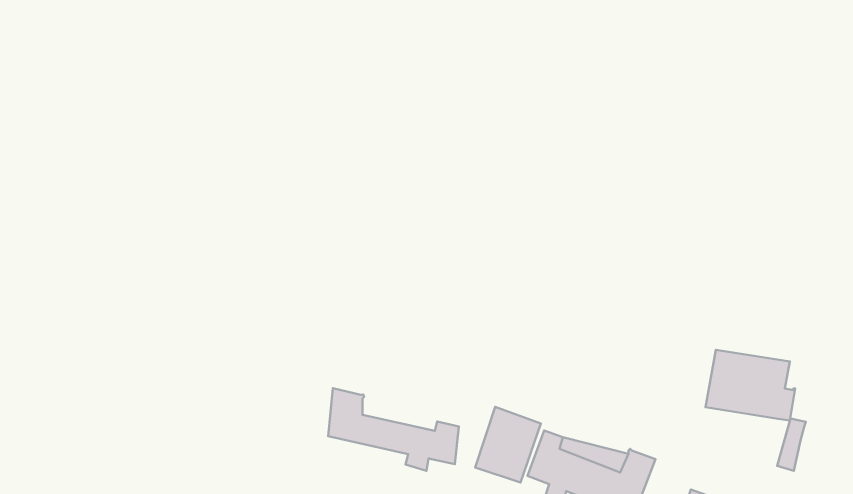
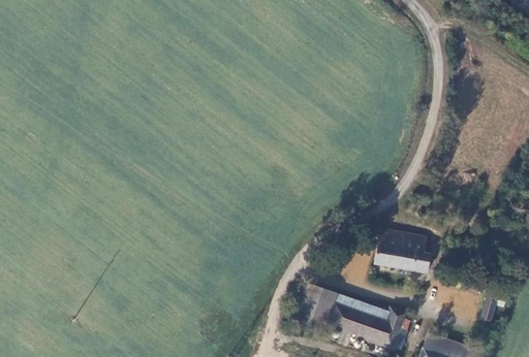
building: [706,350,795,421] -> [374,229,429,272]
building: [328,388,459,471] -> none

